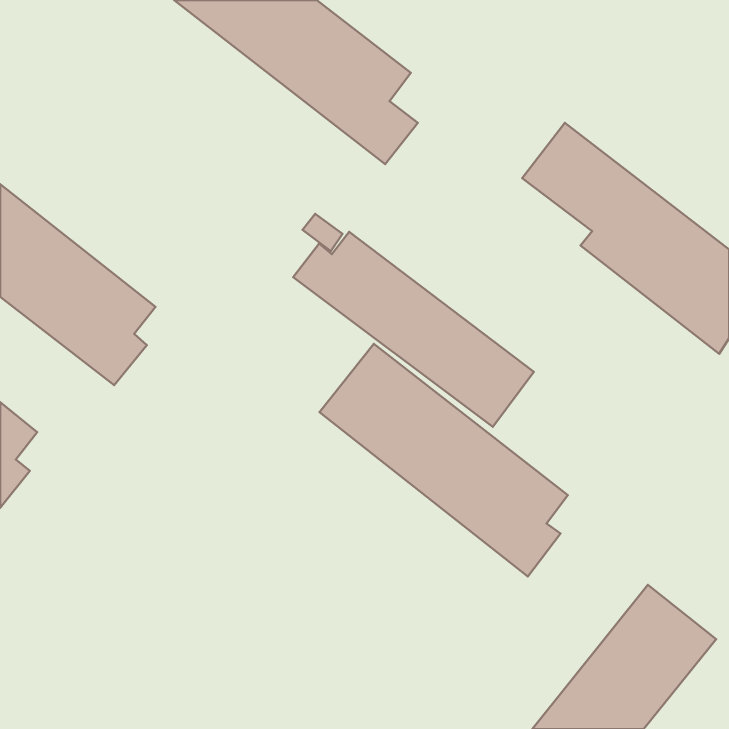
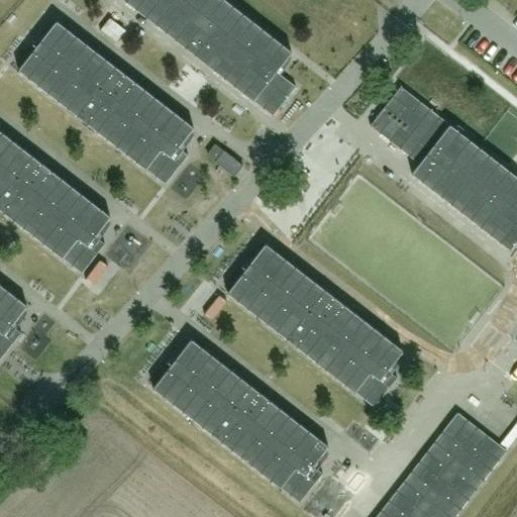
building: none -> [17,21,193,185]
building: [293,232,534,427] -> none
building: none -> [152,339,327,502]

